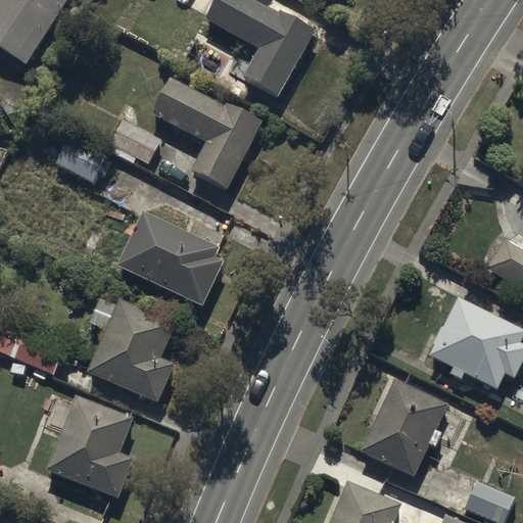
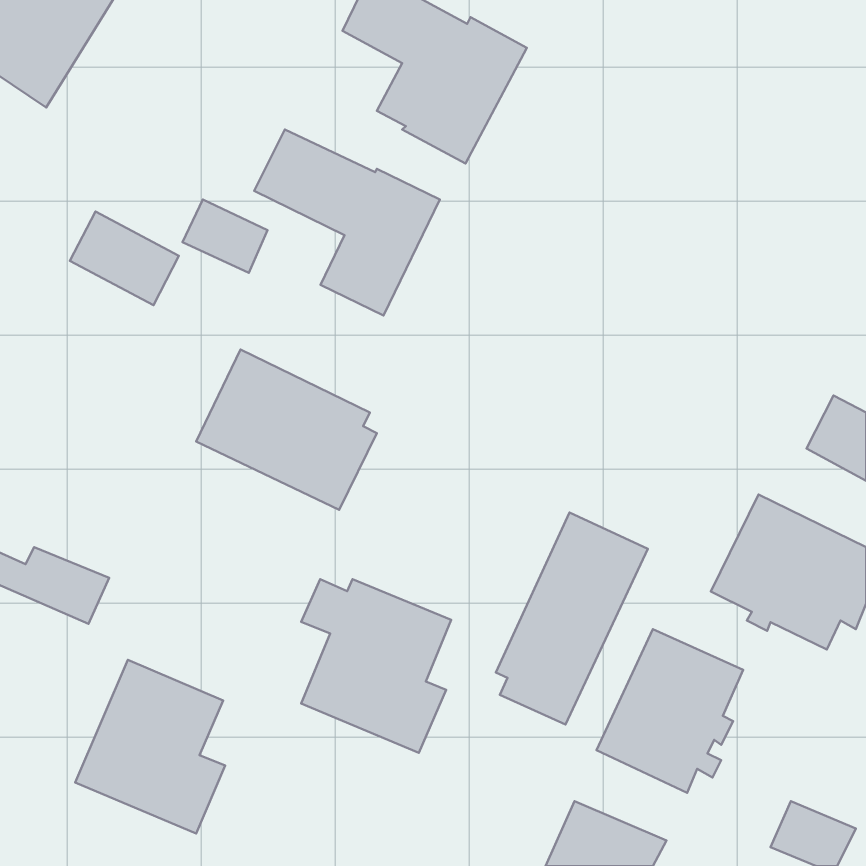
building: [88,296,178,400] -> [301,579,451,753]
building: none -> [496,512,648,725]

